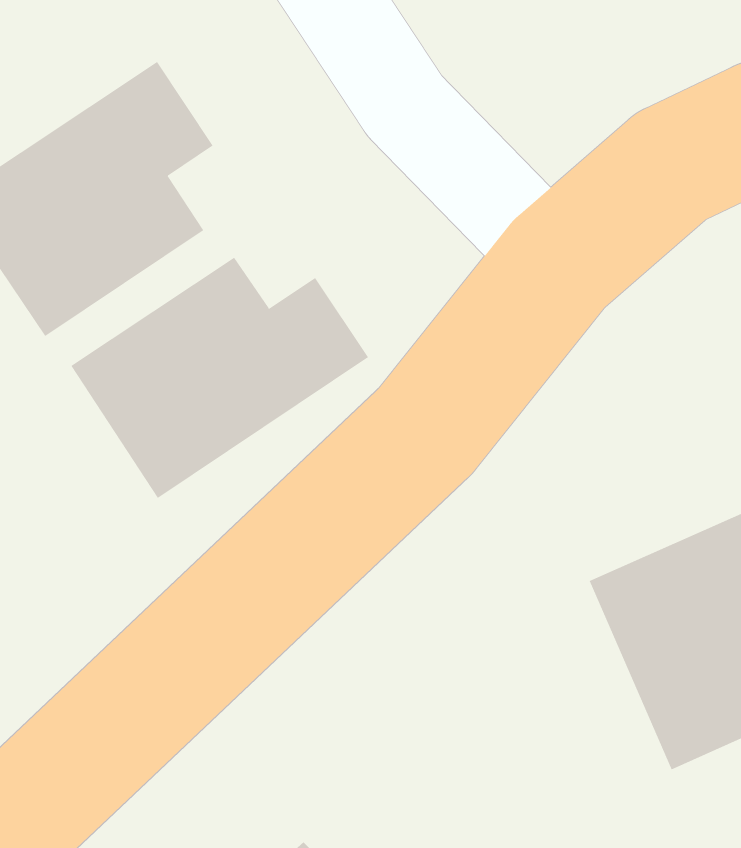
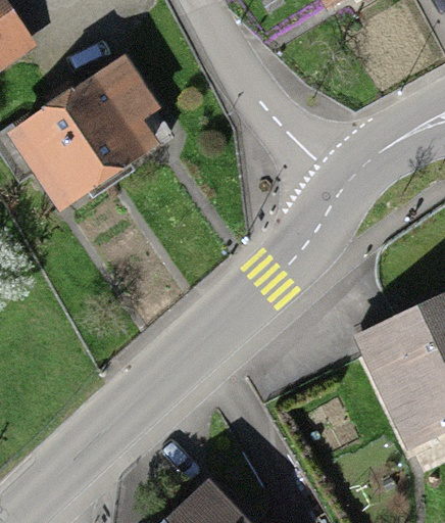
building: [70,257,369,499] -> none

